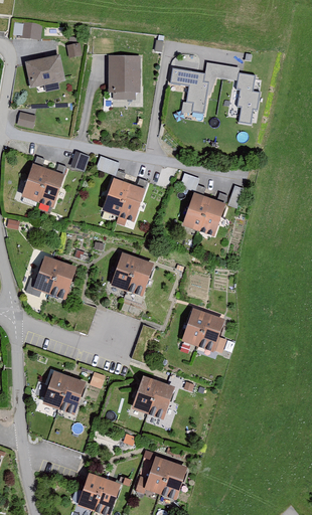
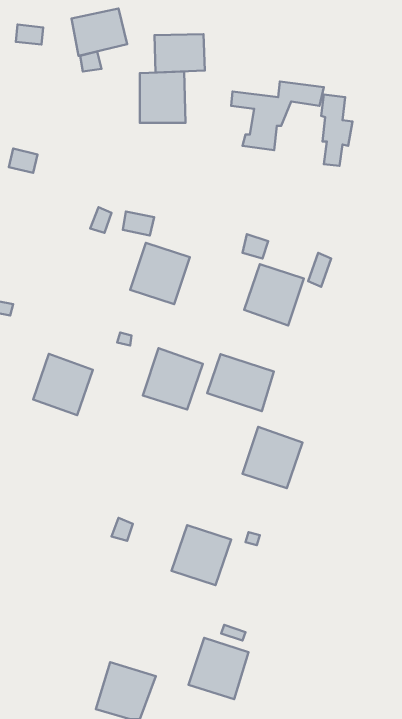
building: none -> [155,34,205,73]
building: [25,54,64,88] -> [71,9,127,56]
building: [20,163,64,207] -> none
building: none -> [207,354,274,411]
building: [42,370,85,413] -> none

